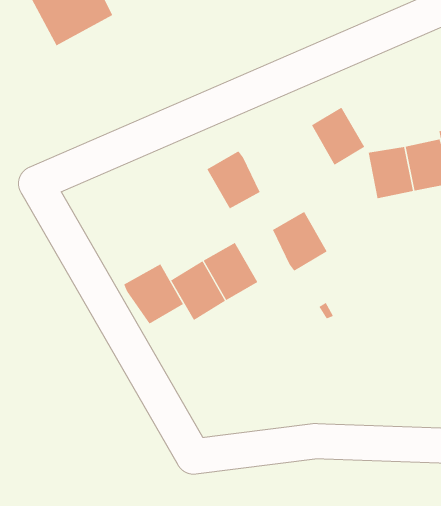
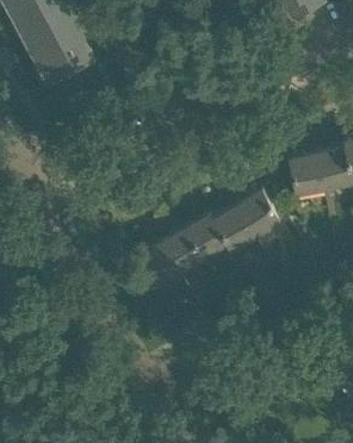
building: [311,107,365,165] -> [237,191,279,236]
building: [207,151,260,209] -> [184,214,225,260]
building: [124,263,184,325] -> none

